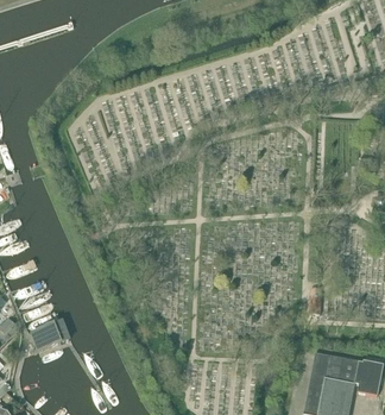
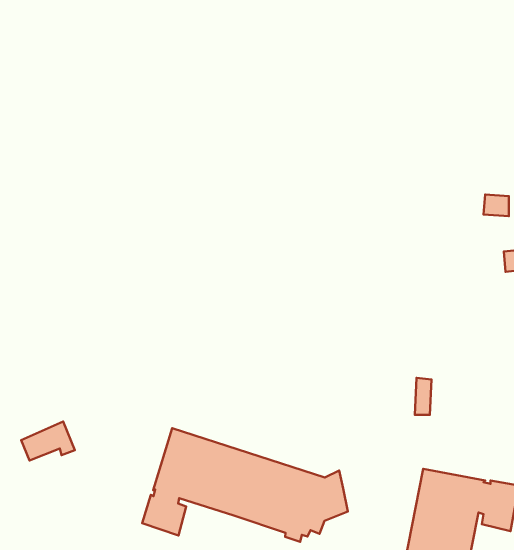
building: none -> [142,428,348,542]

